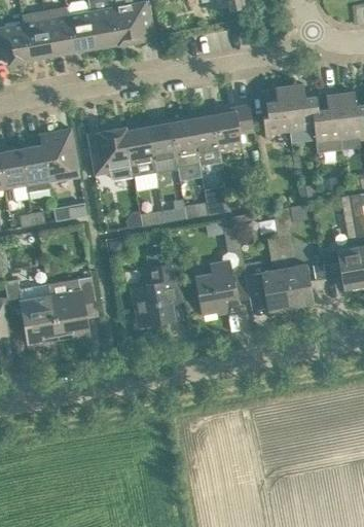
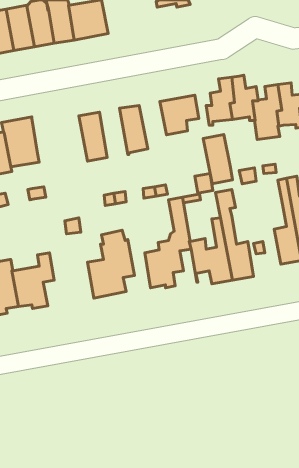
building: [189,112,221,166] -> [203,135,232,184]
building: [146,119,177,174] -> none
building: [88,128,133,180] -> none

